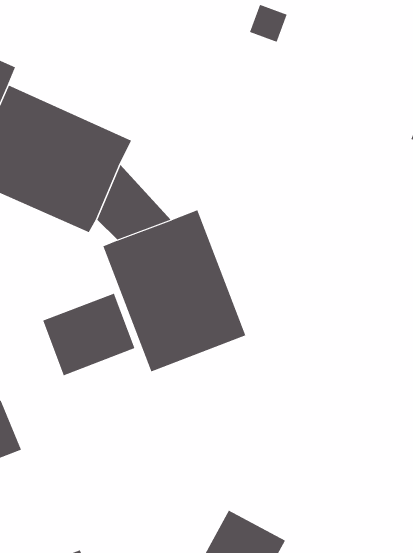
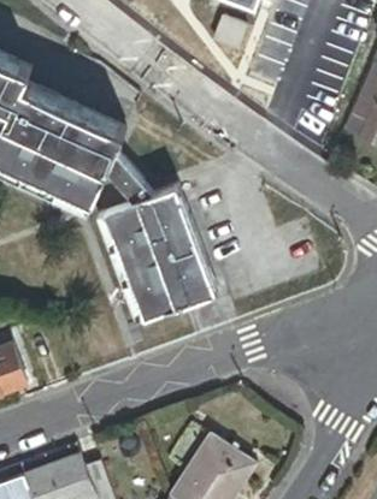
building: [43,293,135,376] -> none

